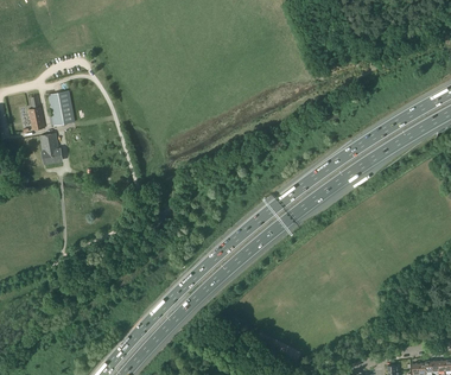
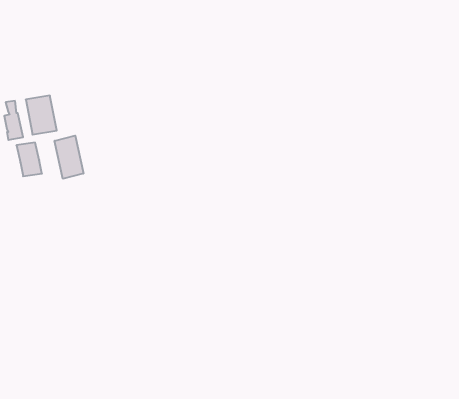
building: none -> [55,136,83,179]

